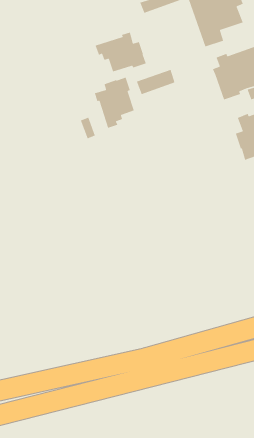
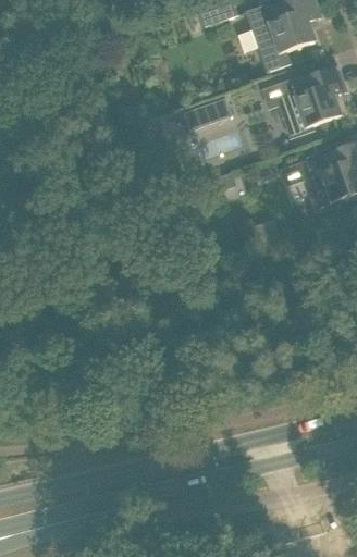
building: [95,32,147,72] -> none
building: [94,76,135,129] -> none

